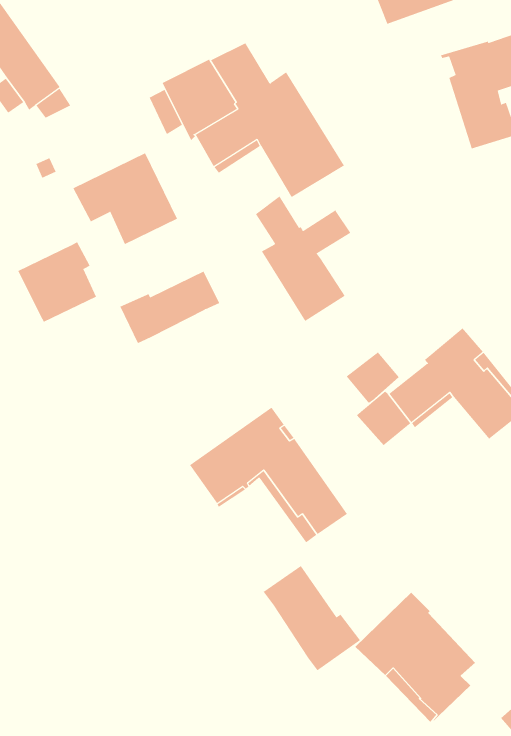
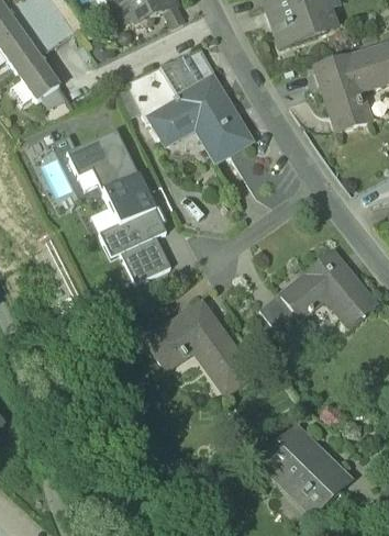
building: [255,195,351,322] -> none
building: [18,242,97,323] -> [102,172,156,227]
building: none -> [121,236,171,284]
building: [346,351,400,404] -> none
building: [263,565,361,671] -> none

